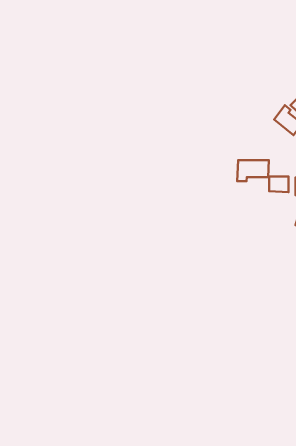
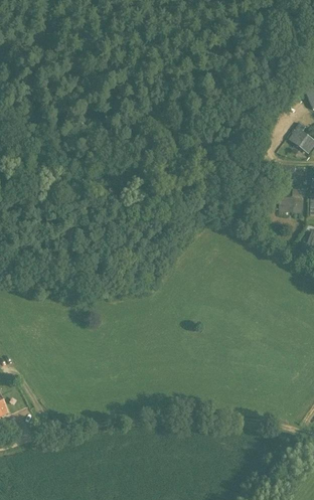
building: [237,160,269,181] -> none

